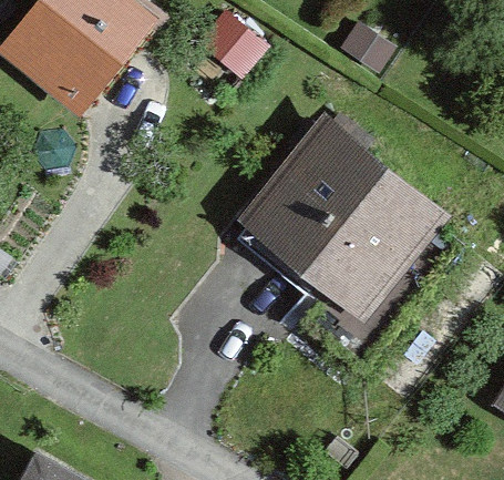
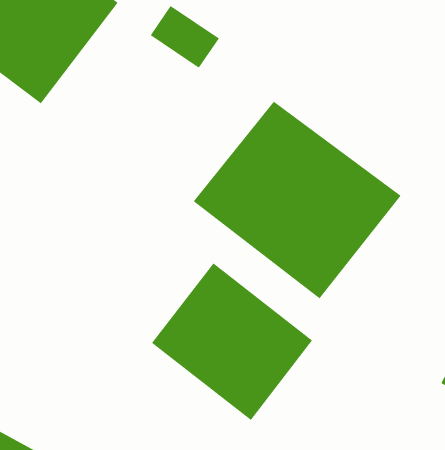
building: none -> [151,263,313,421]

